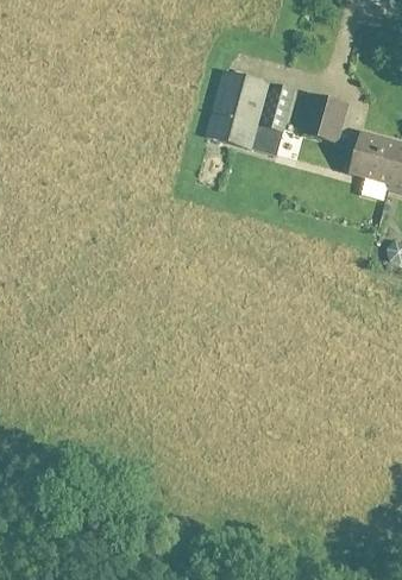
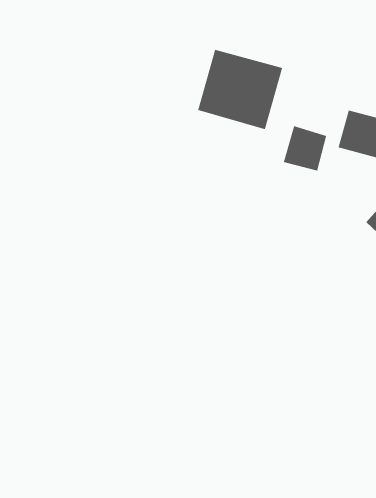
building: [300,94,345,141] -> [283,125,327,172]

